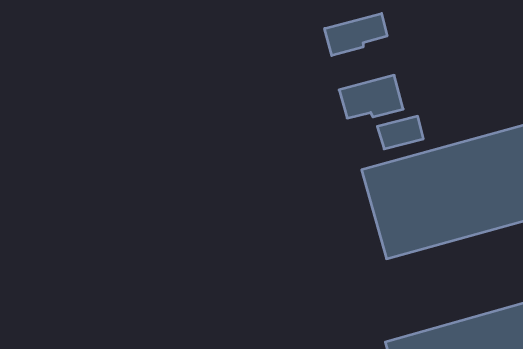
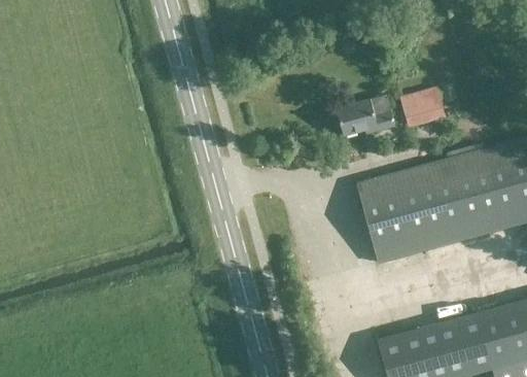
building: [325,13,387,56] -> none
building: [377,116,423,149] -> [400,88,443,117]

